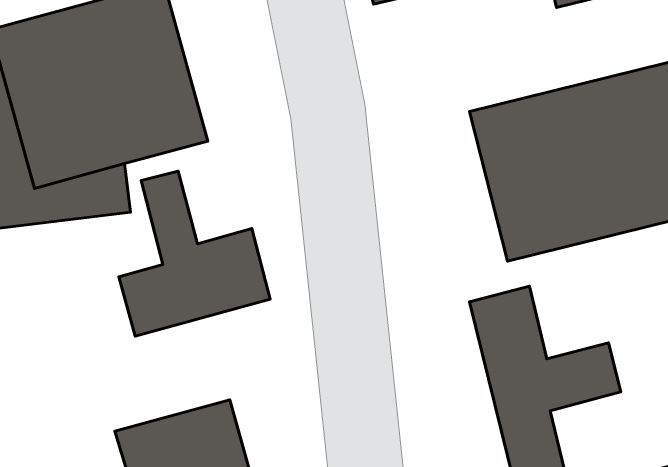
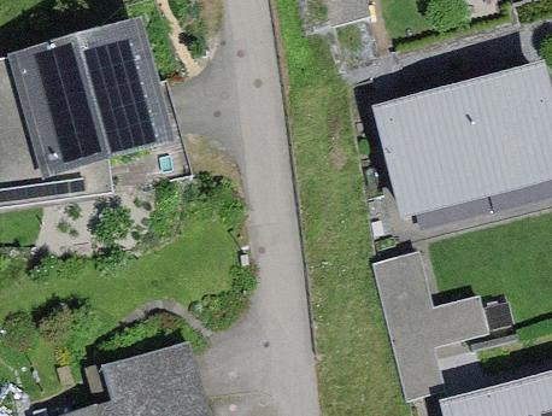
building: [119,171,270,336] -> none

